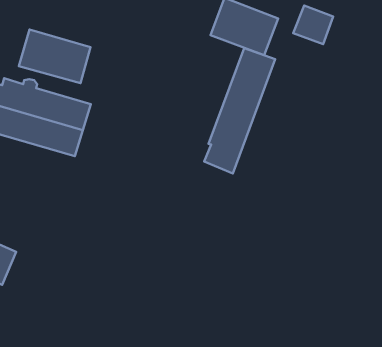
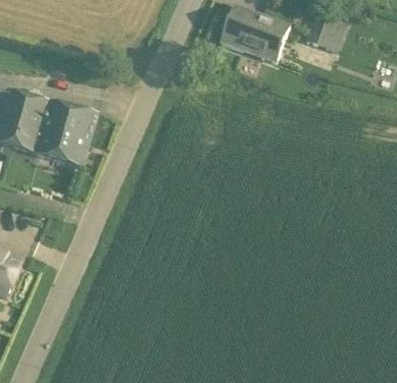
building: [19,30,90,83] -> none
building: [204,48,275,174] -> none

